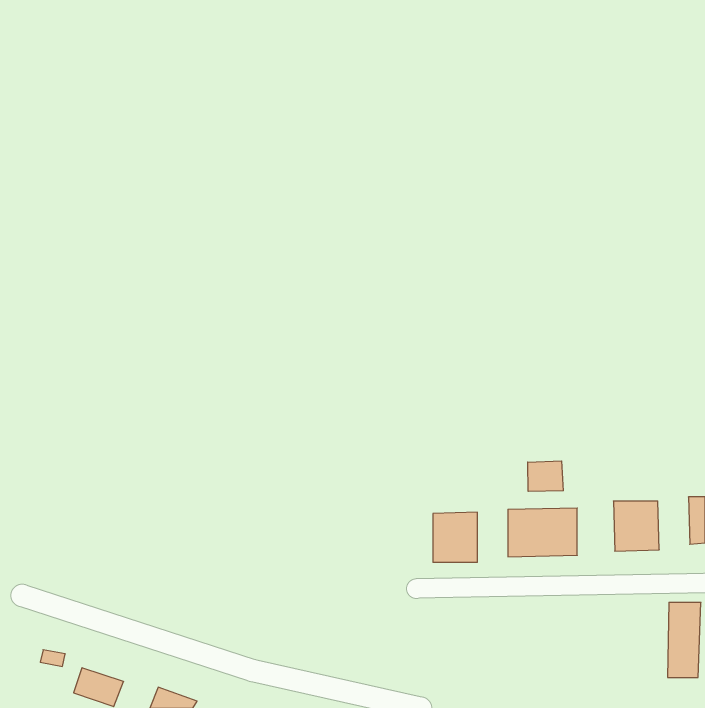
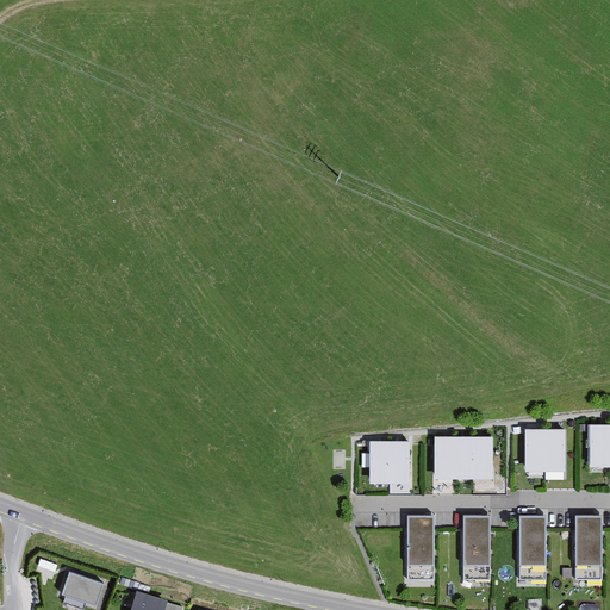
building: [528,461,563,491] -> none
building: none -> [405,516,434,580]
building: none -> [462,516,490,580]
building: none -> [518,516,546,581]

